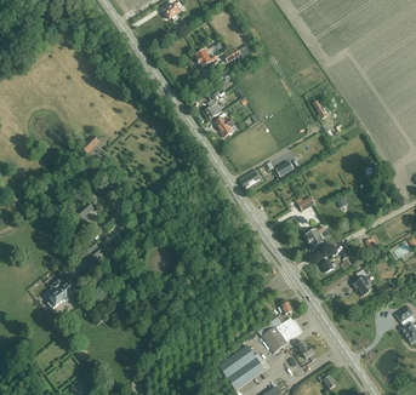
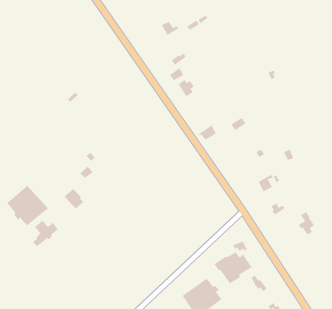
building: none -> [7,185,49,226]

